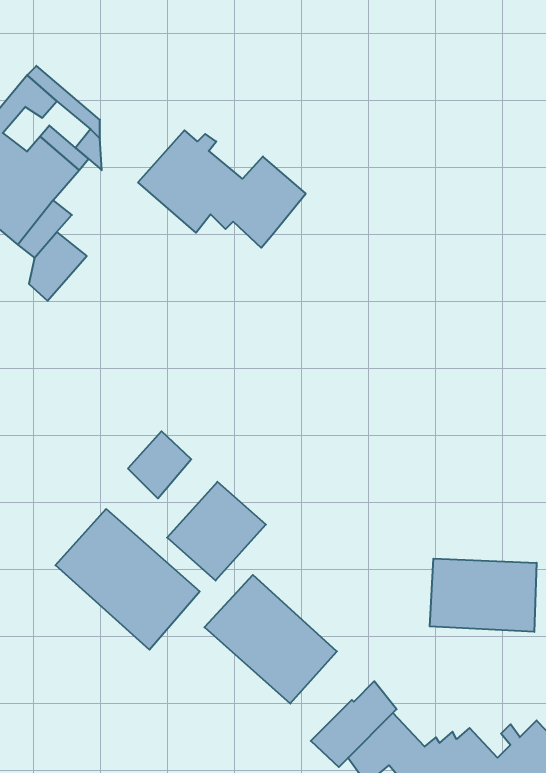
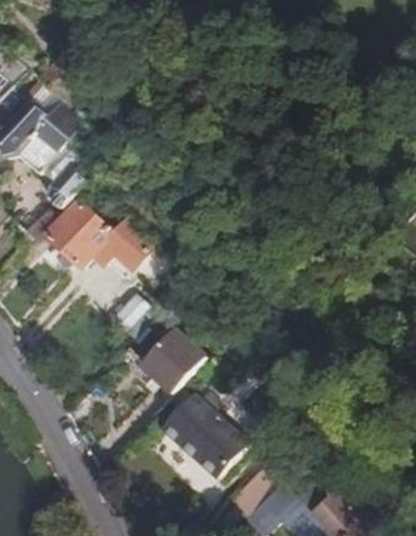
building: [138,130,306,248] -> [44,202,152,278]
building: [55,509,200,650] -> none
building: [430,559,537,632] -> none

